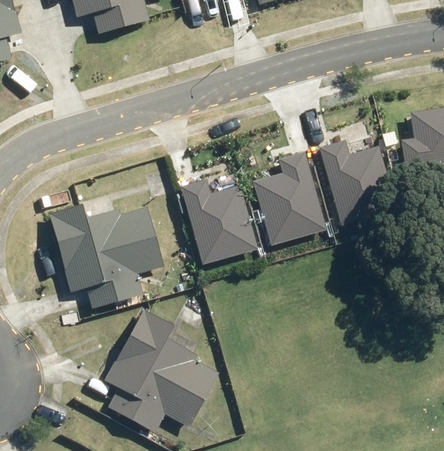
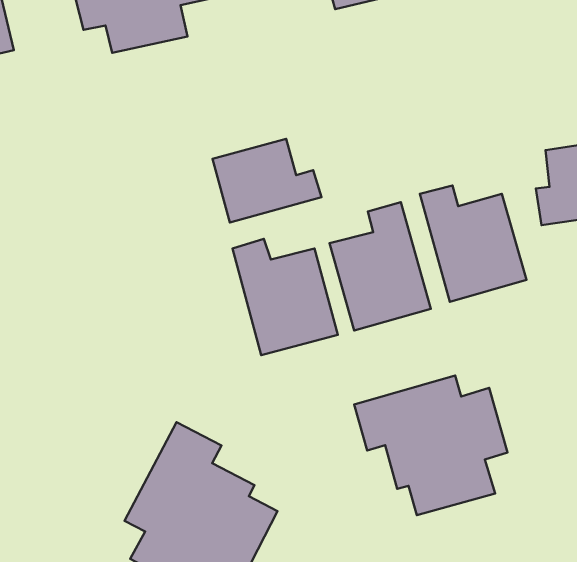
building: none -> [213,139,322,222]
building: [45,195,163,313] -> none
building: none -> [354,375,507,515]

